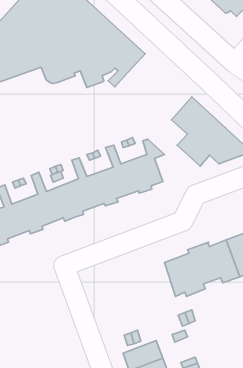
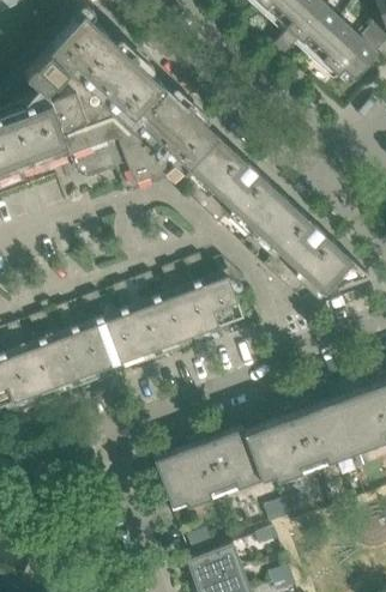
building: none -> [187,137,284,230]
building: none -> [155,428,261,512]

